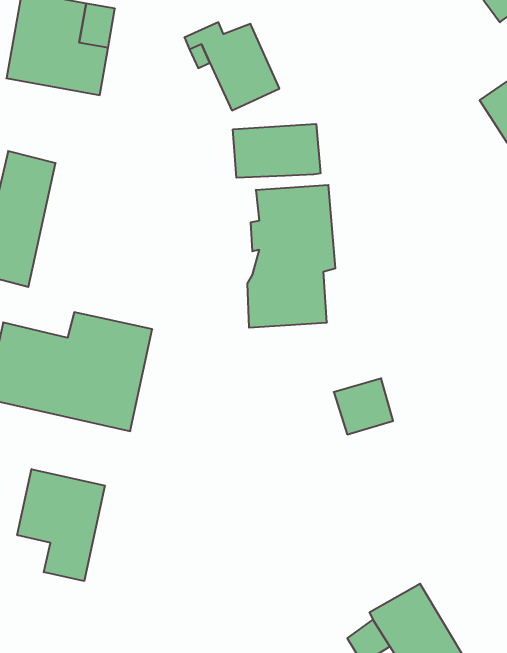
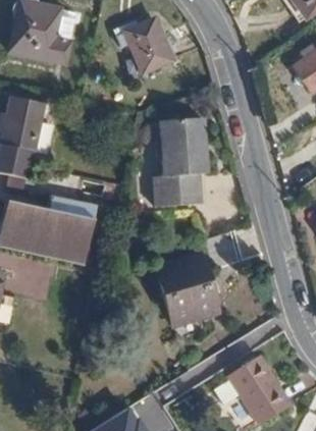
building: [233,124,320,178] -> none
building: none -> [158,253,215,323]
building: [17,469,105,581] -> none

